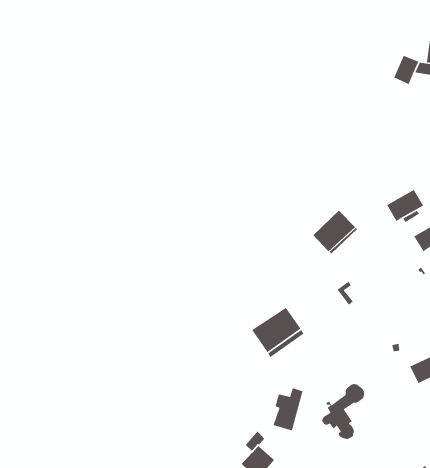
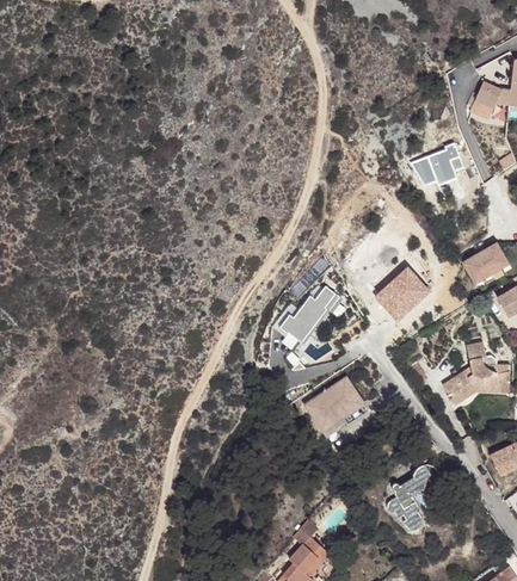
building: none -> [412,142,463,186]
building: none -> [283,288,336,341]
building: none -> [439,341,507,404]
building: [272,387,304,431] -> none

